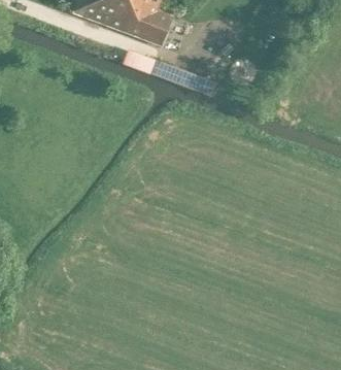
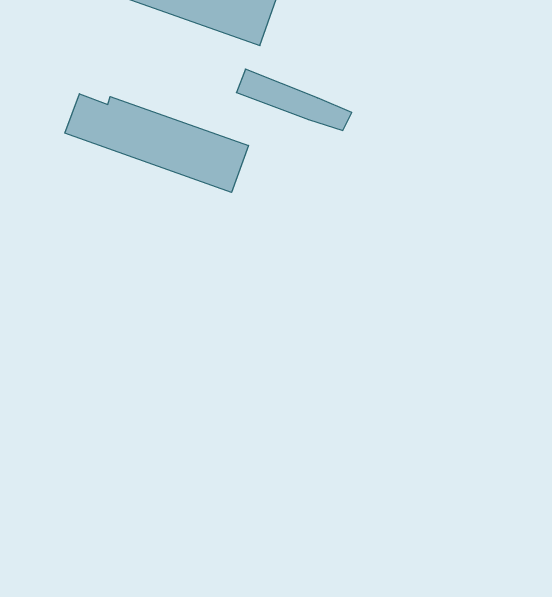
building: none -> [65,94,248,192]

